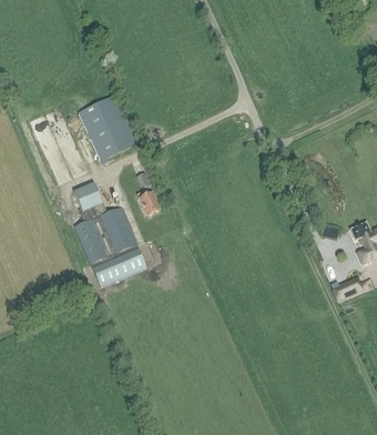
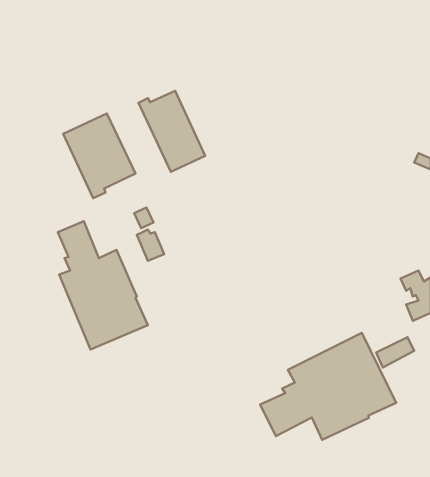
building: none -> [139,91,205,172]
building: none -> [260,333,396,440]

